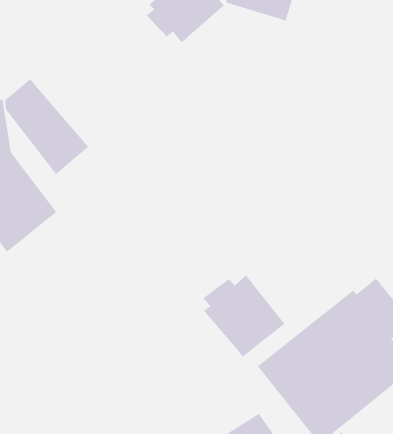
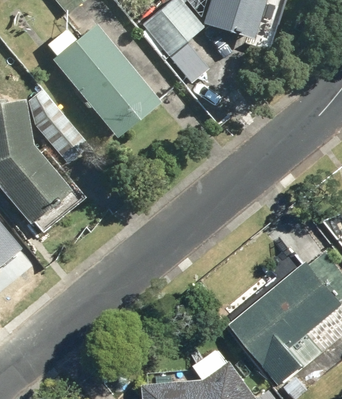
building: none -> [45,29,160,143]
building: [202,274,285,357] -> none

